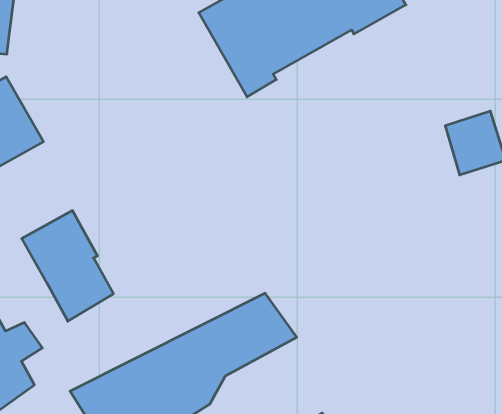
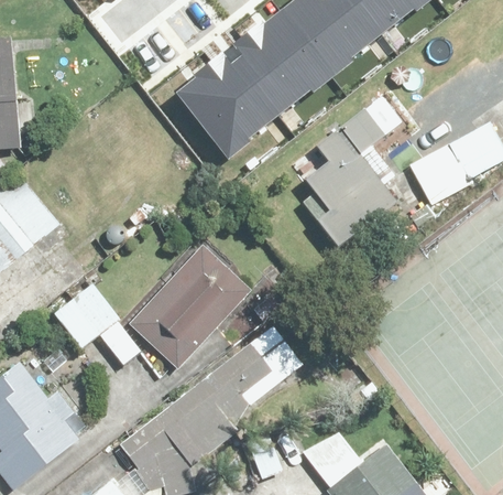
building: none -> [300,109,398,248]
building: none -> [127,243,251,369]

